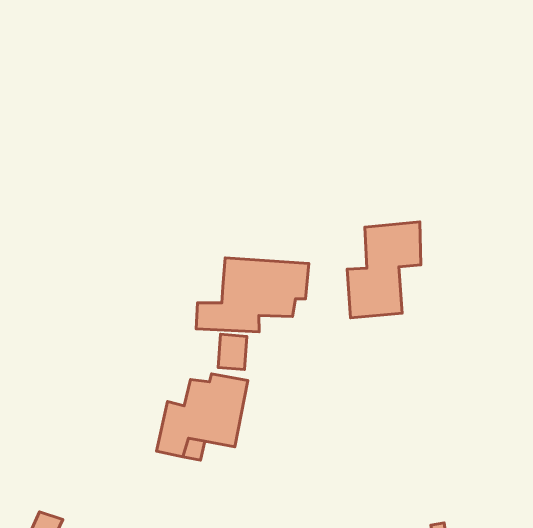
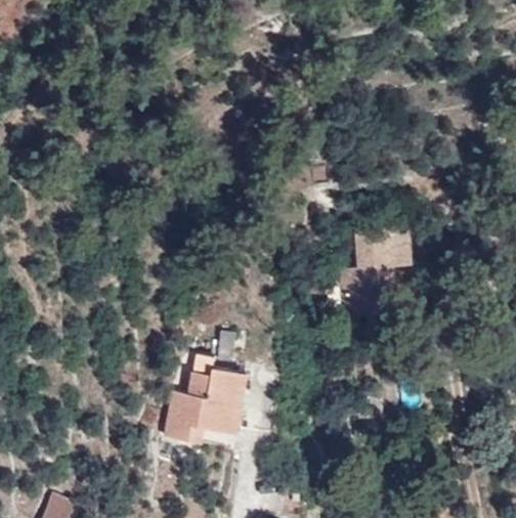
building: [196,258,309,332] -> none

